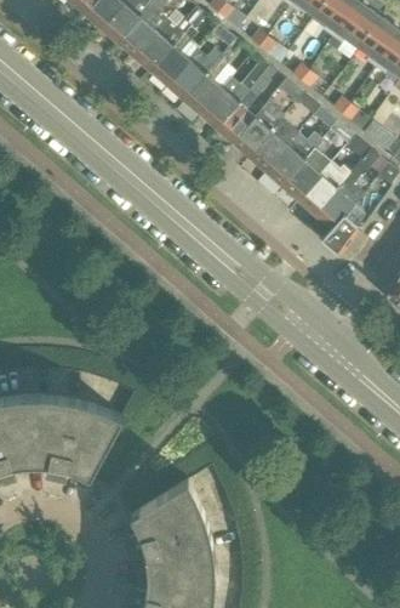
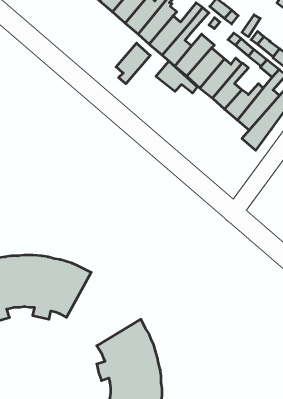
building: none -> [116,43,150,84]
building: none -> [156,61,197,93]

